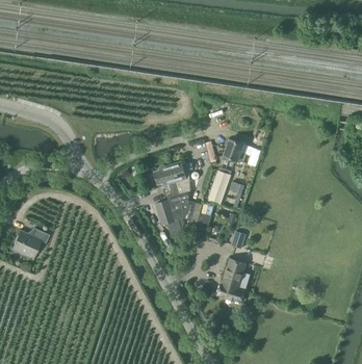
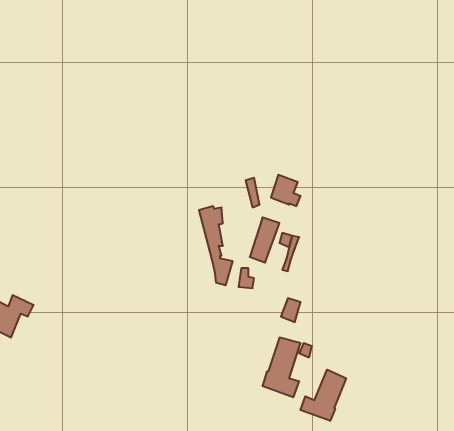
building: [154,165,183,236] -> none
building: none -> [300,370,346,421]

